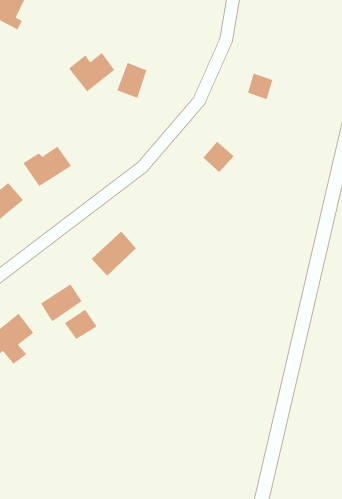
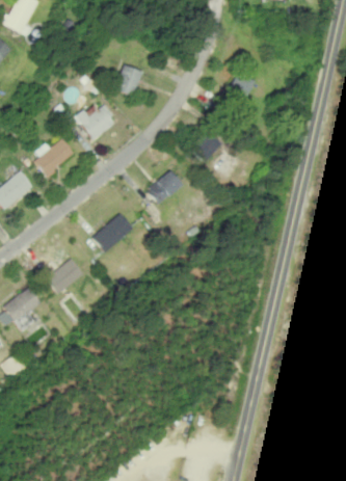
building: [68,52,115,92] -> [76,103,117,138]
building: none -> [148,170,183,205]
building: [64,309,98,340] -> none

